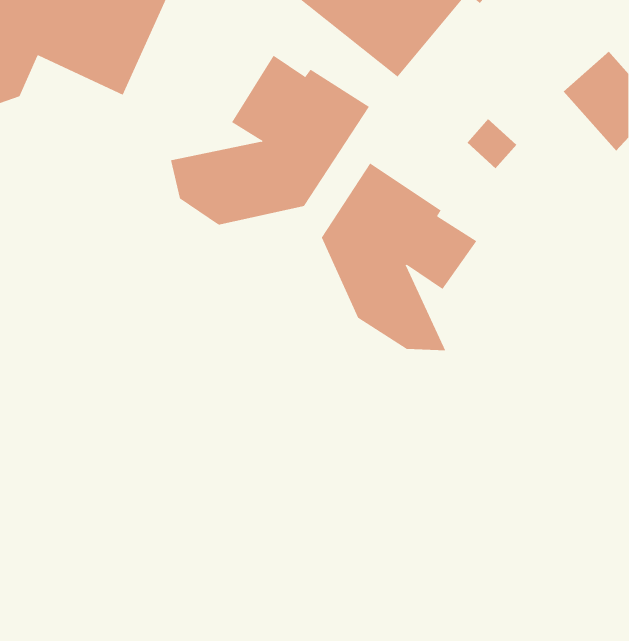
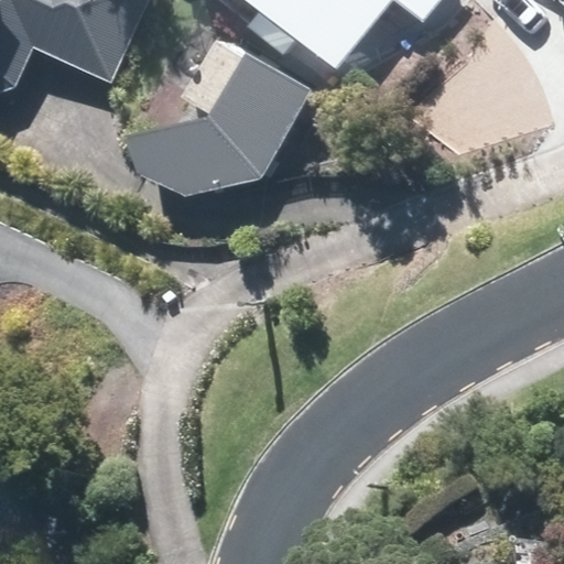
building: [321,163,477,351] -> none

